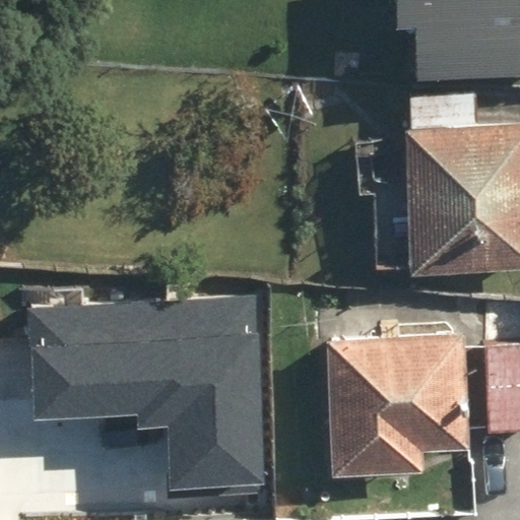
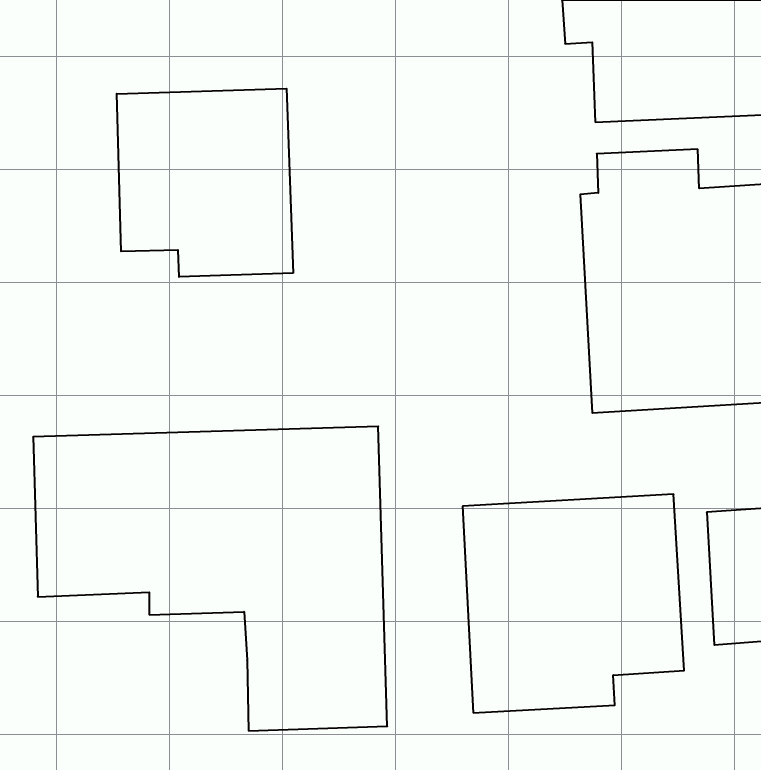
building: none -> [117,89,293,277]

